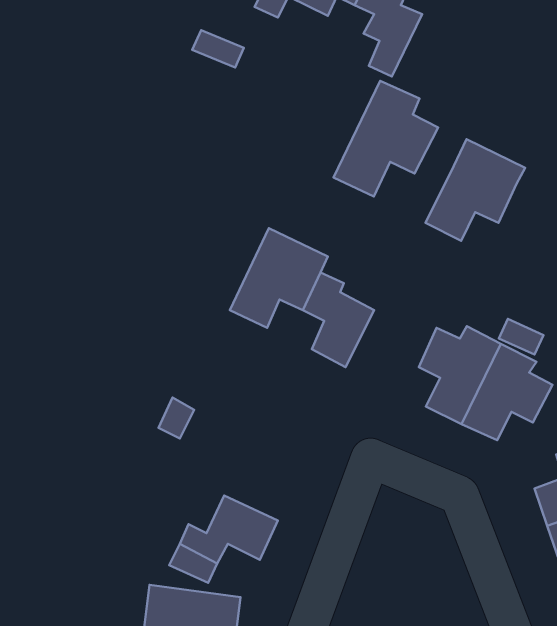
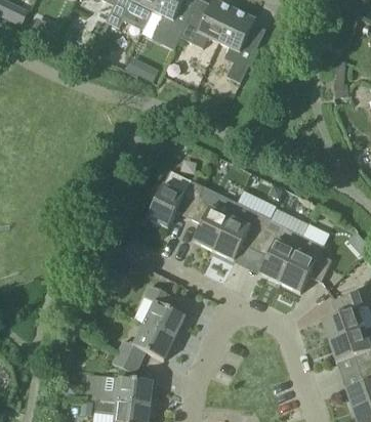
building: [333,81,438,196] -> none
building: [425,139,525,241] -> [214,201,272,259]
building: none -> [145,284,187,337]

